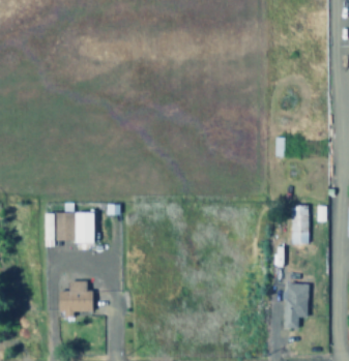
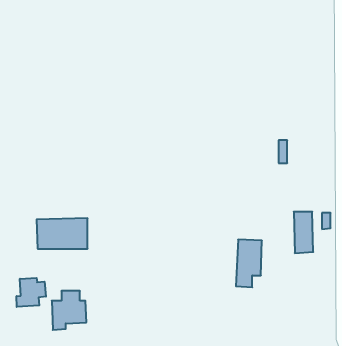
building: none -> [17,278,46,307]
building: [284,283,309,329] -> [236,240,262,287]

